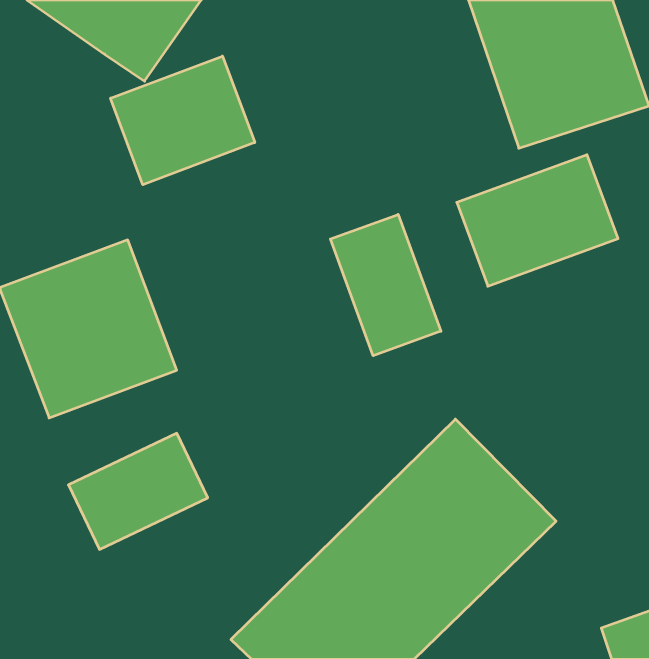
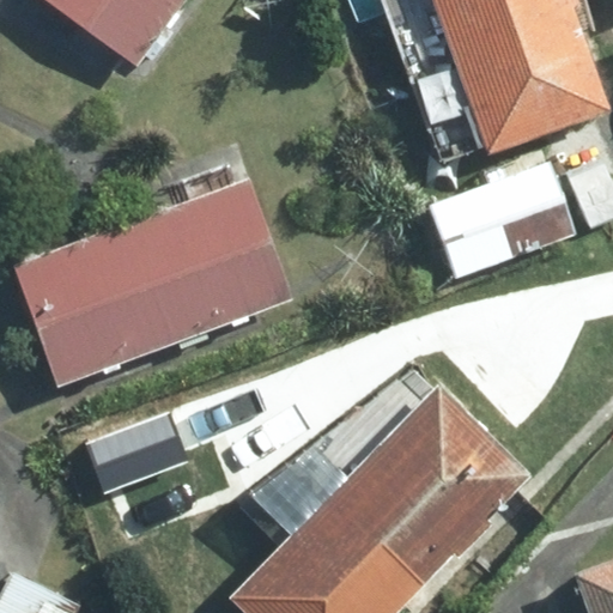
building: [111,56,255,185] -> none
building: none -> [128,177,293,344]
building: [330,214,441,356] -> none

